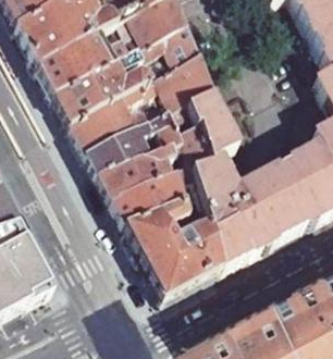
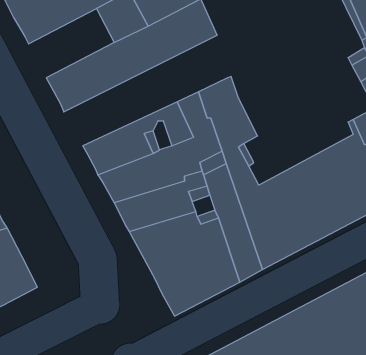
building: [37,37,111,97] -> none
building: [67,60,212,156] -> none

